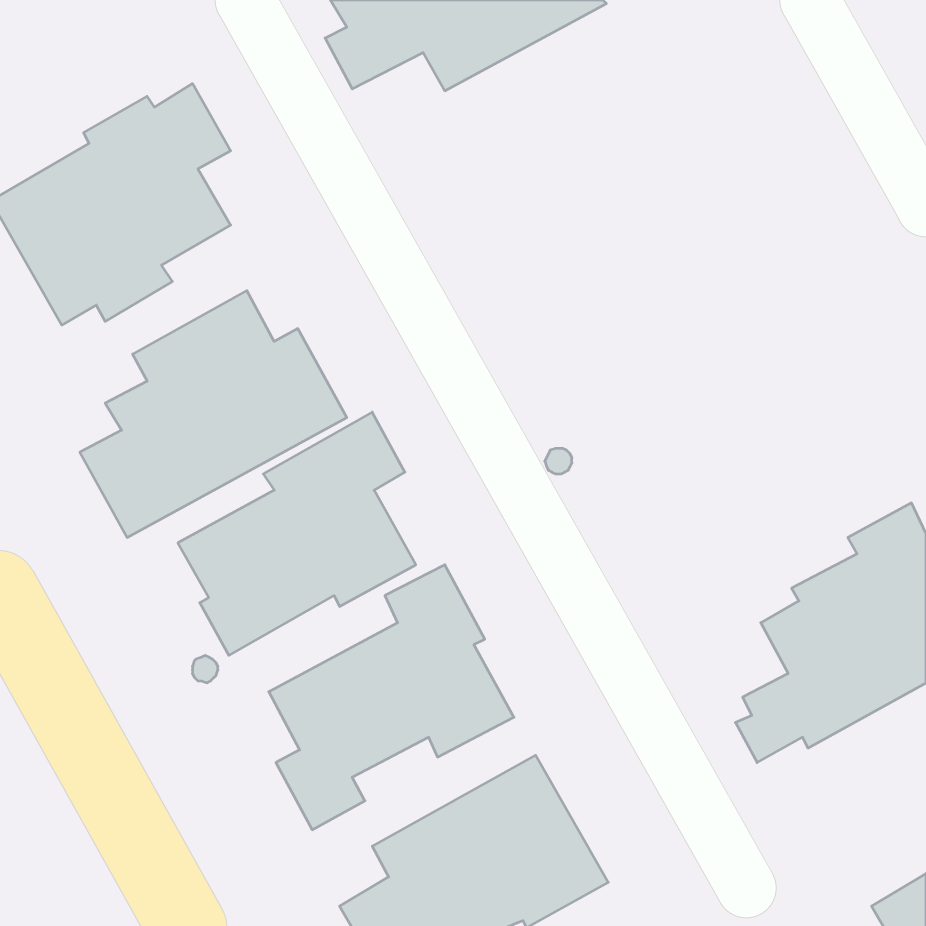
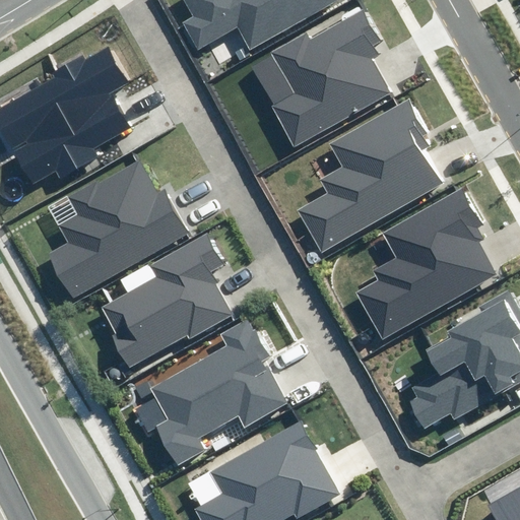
building: none -> [270,12,385,142]
building: none -> [296,98,439,252]
building: none -> [353,187,498,341]

